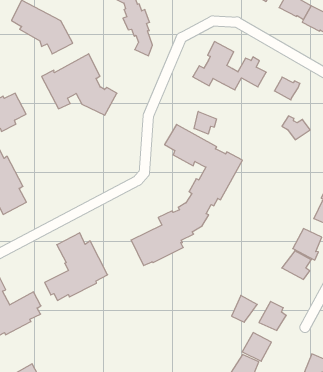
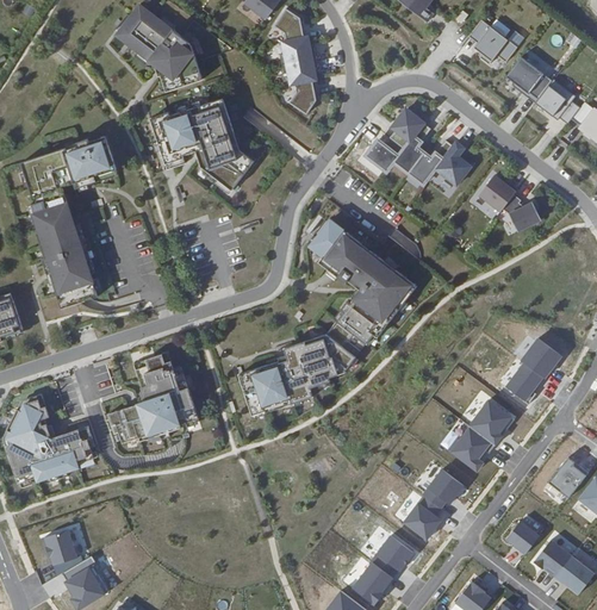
building: [194,111,216,134] -> none
building: [282,116,310,140] -> [502,195,541,231]
building: [232,295,257,322] -> [424,467,464,506]

